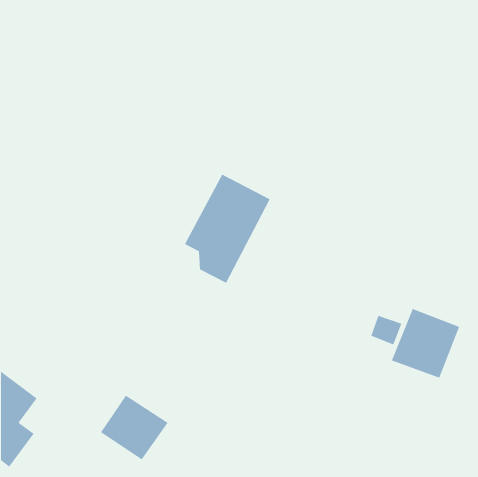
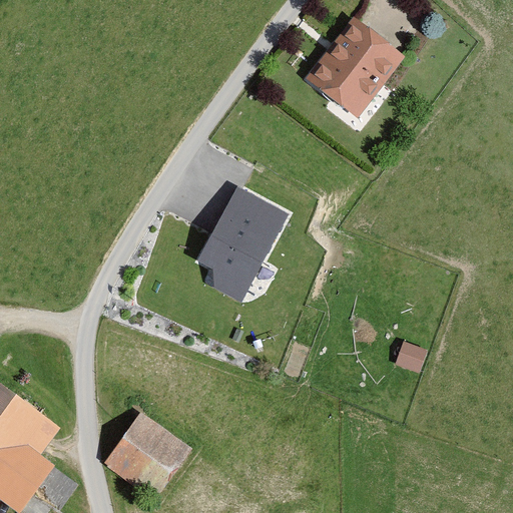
building: none -> [306,20,393,110]
building: [391,308,460,378] -> none

